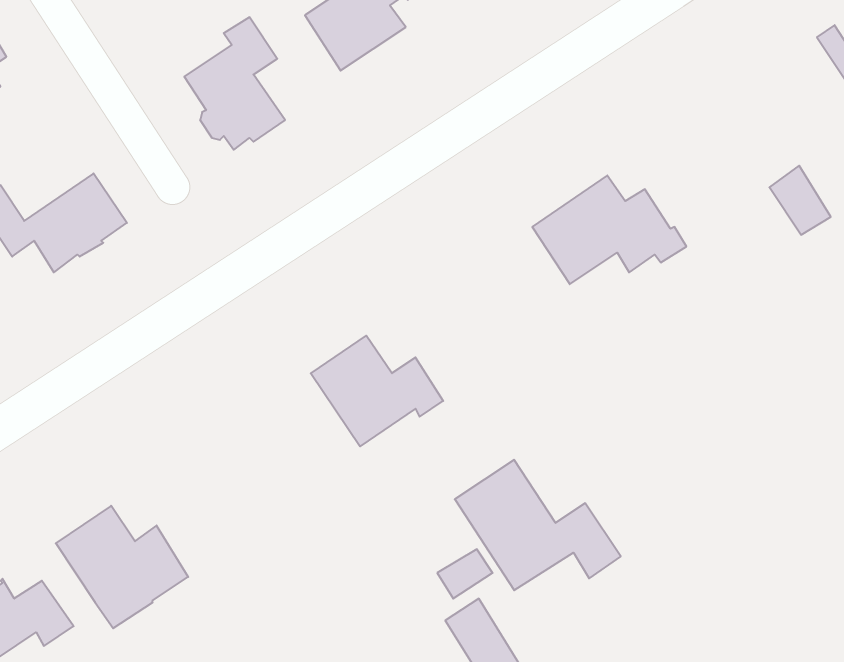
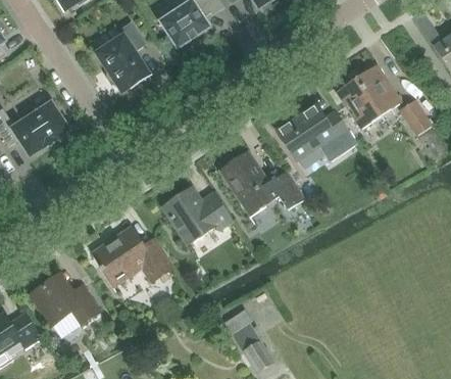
building: none -> [336,64,401,129]
building: none -> [92,229,172,286]
building: [455,460,621,590] -> [217,149,303,217]

